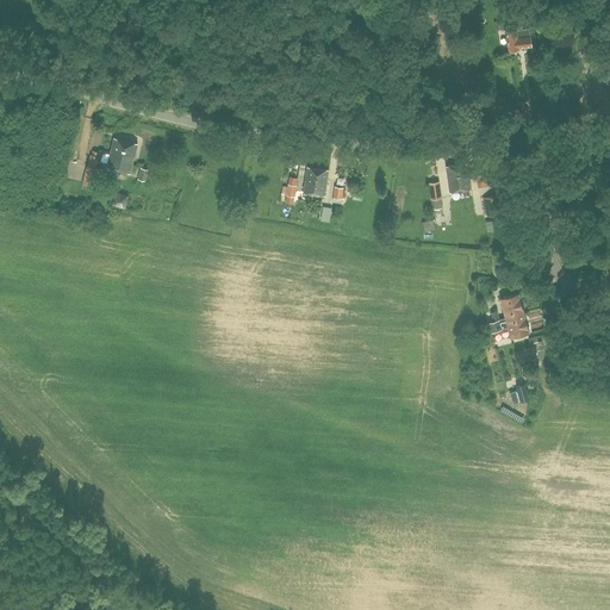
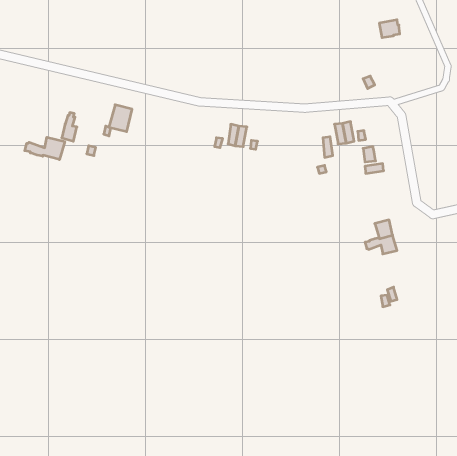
building: [106,138,137,174] -> [109,105,132,132]
building: none -> [25,137,65,160]

